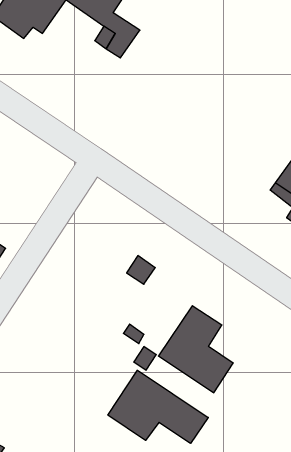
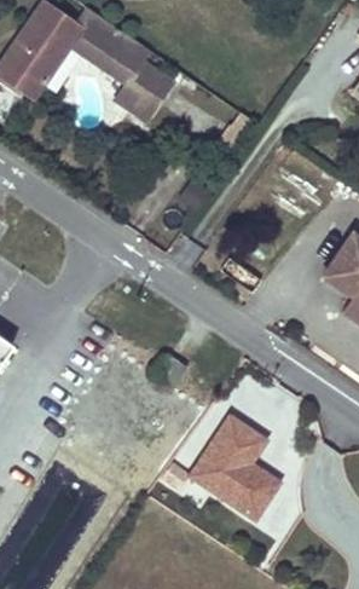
building: [108,370,208,443] -> none

